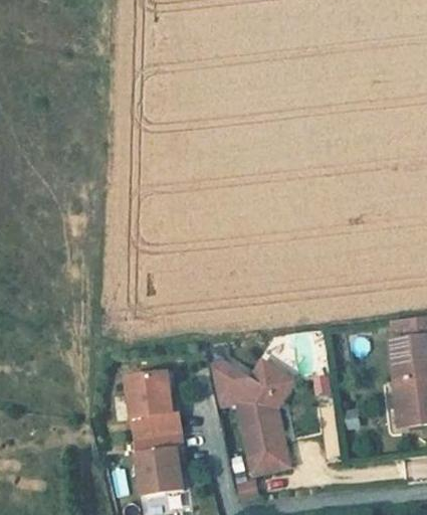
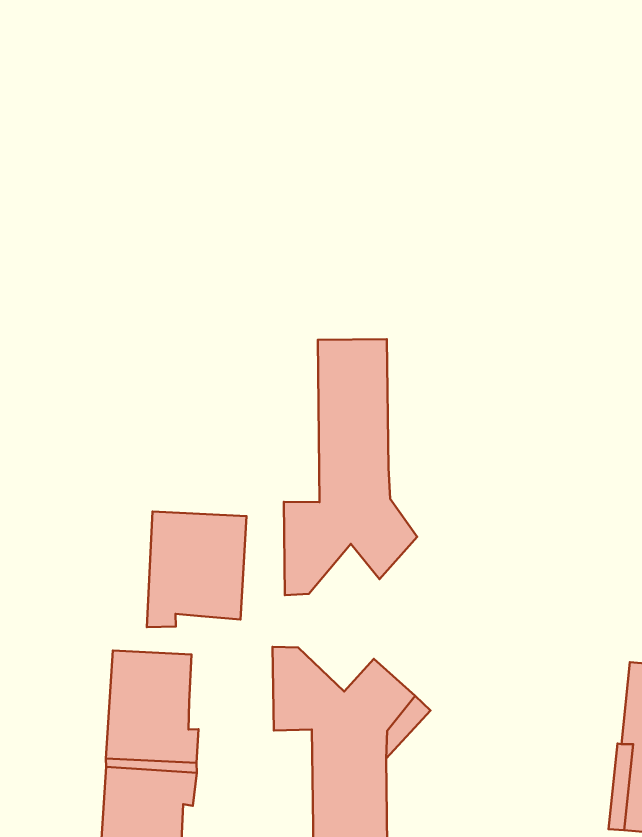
building: none -> [284,339,417,595]
building: none -> [147,512,246,627]

